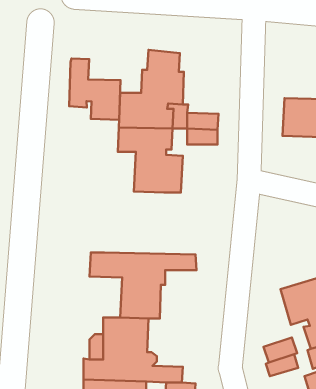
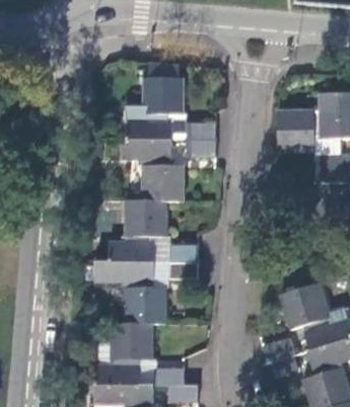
building: [69,59,120,120] -> none
building: none -> [109,200,197,261]

